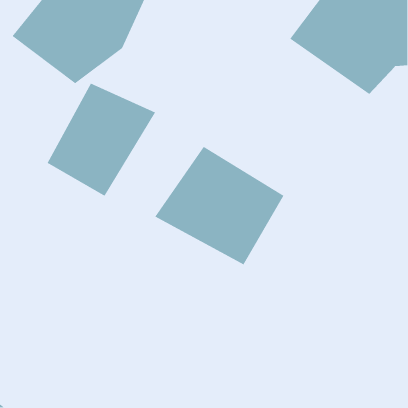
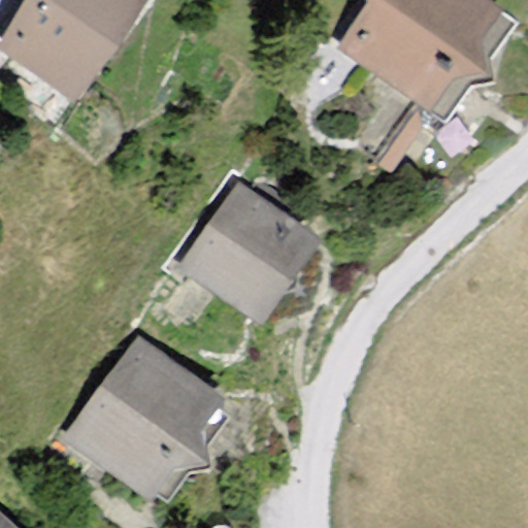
building: [47,83,156,197] -> none
building: none -> [72,332,249,500]

